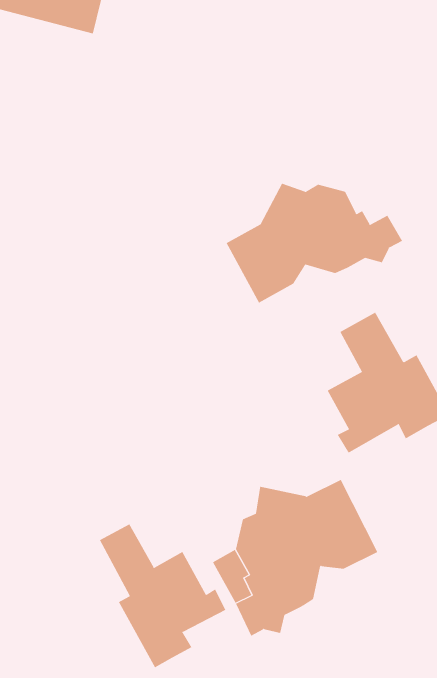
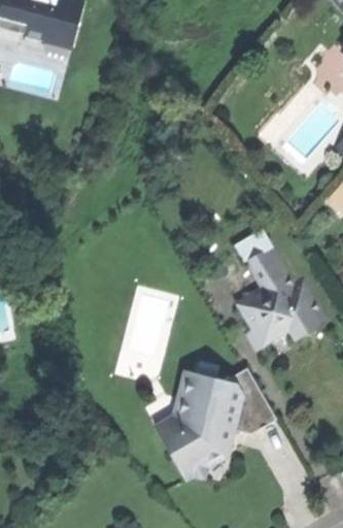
building: [226,183,403,303] -> none
building: [99,523,226,668] -> none

